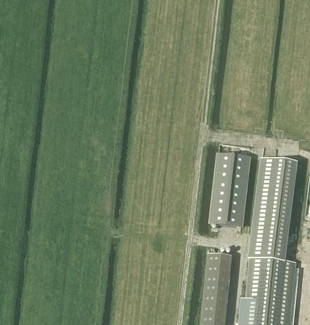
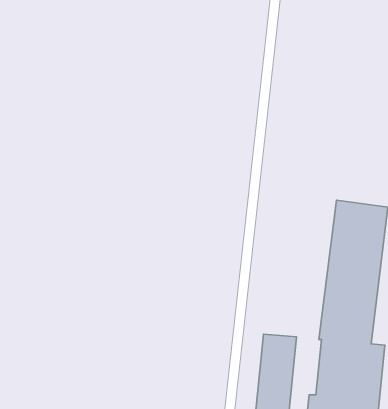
building: [209,152,252,227] -> none

